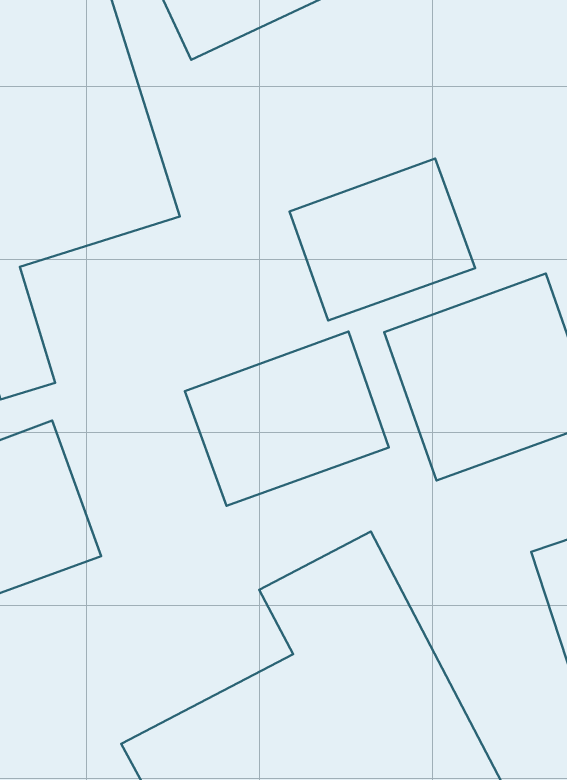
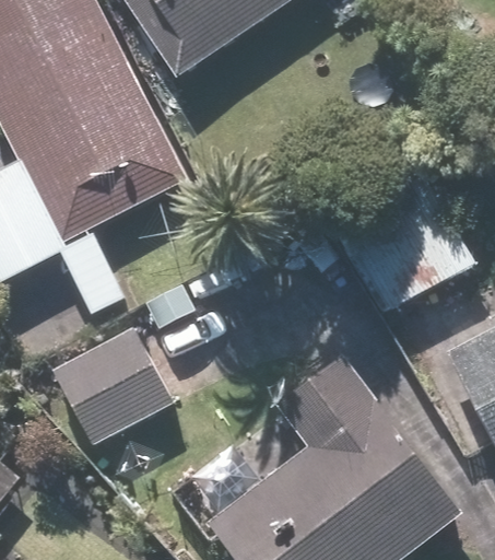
building: [289,159,475,320] -> none
building: [185,332,389,506] -> none

